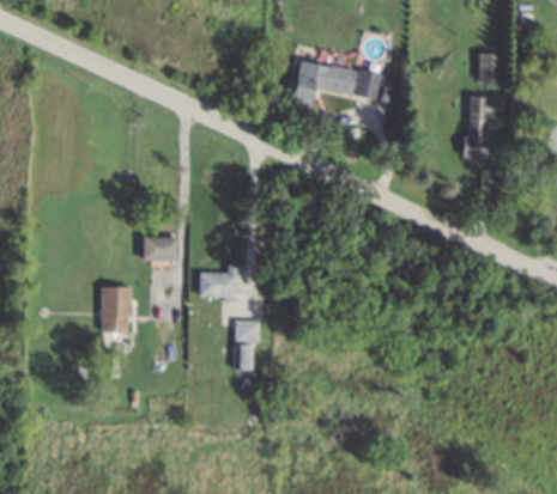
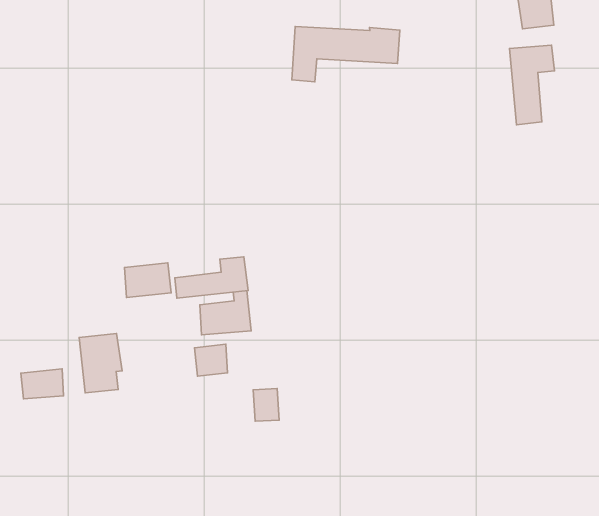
building: none -> [175,257,248,298]
building: none -> [21,369,64,399]
building: [235,321,260,343] -> [195,344,228,376]

